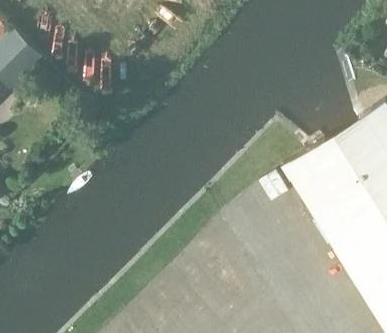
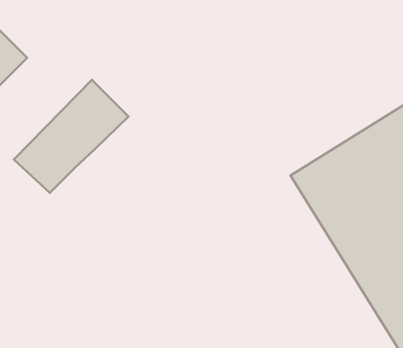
building: none -> [14,80,129,193]

